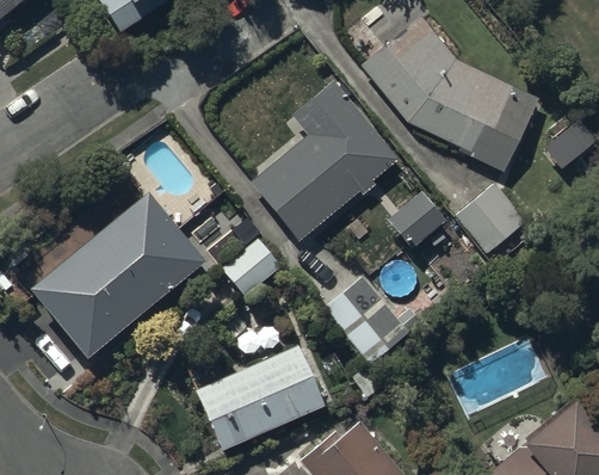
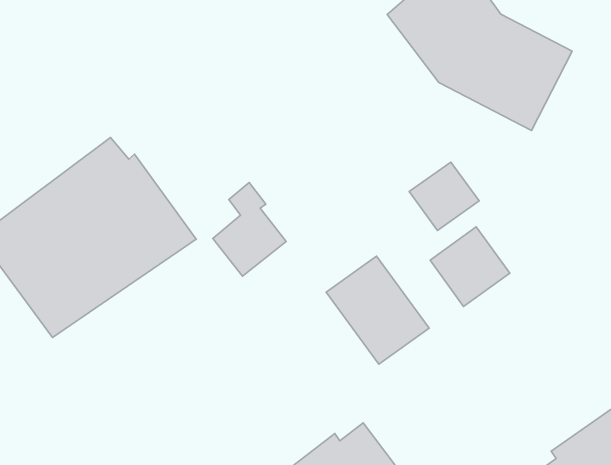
building: [251,80,400,241] -> none
building: [455,185,524,254] -> [430,227,510,306]
building: [197,344,329,450] -> none

